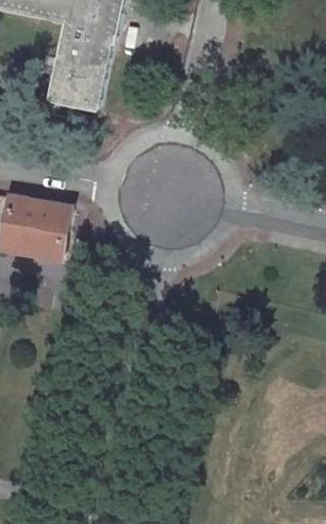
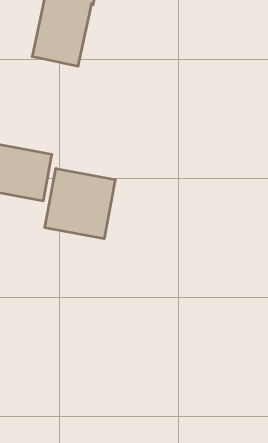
building: none -> [45,168,115,239]

